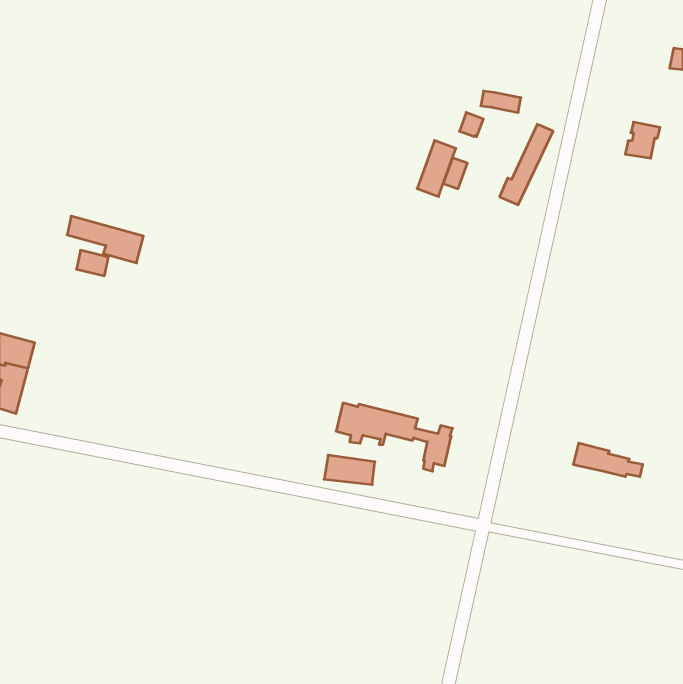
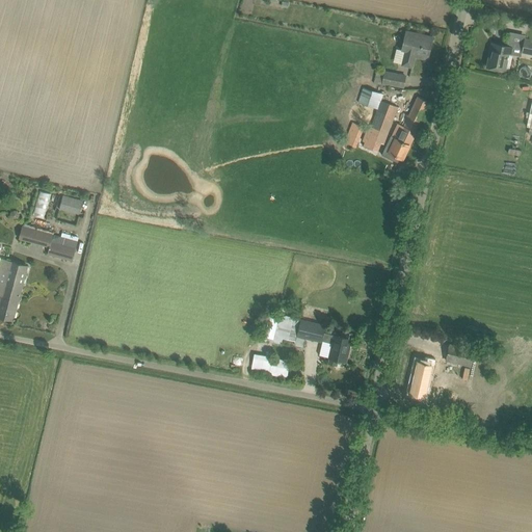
building: none -> [400,31,431,68]
building: [625,122,660,158] -> [485,43,512,71]
building: [417,140,456,197] -> [366,101,396,144]
building: [67,216,143,263] -> [18,224,77,261]
building: none -> [407,355,433,395]

